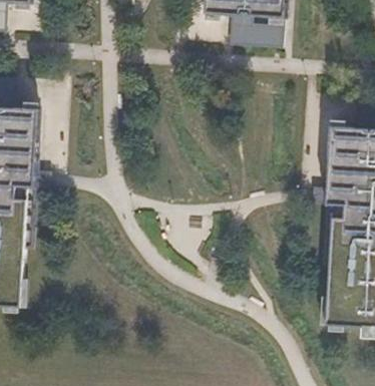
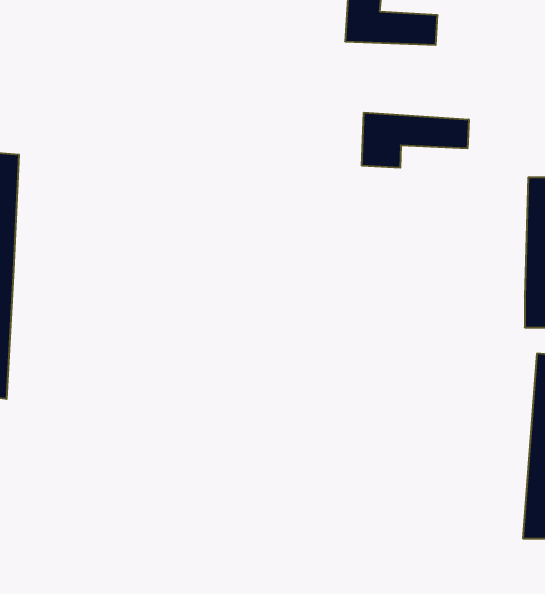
building: none -> [362,113,469,168]

